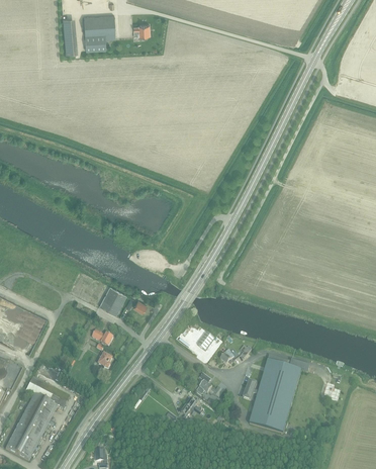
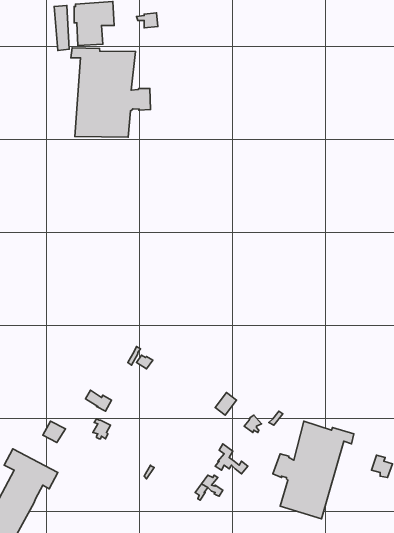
building: none -> [71,48,150,137]
building: [98,286,125,315] -> none

